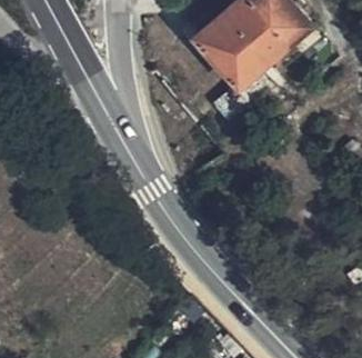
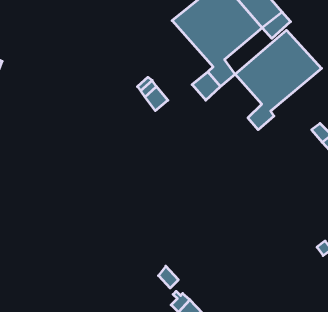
building: none -> [235,30,322,130]

